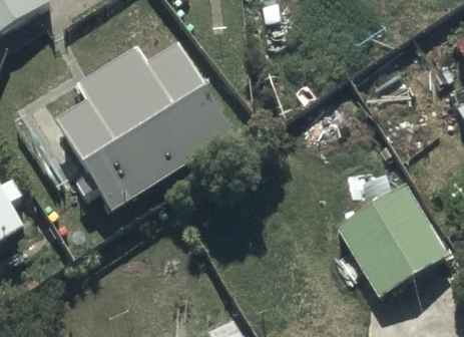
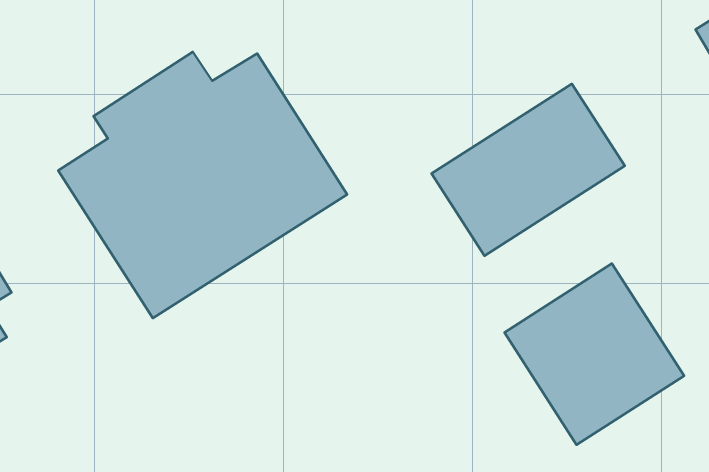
building: none -> [432,84,625,256]

